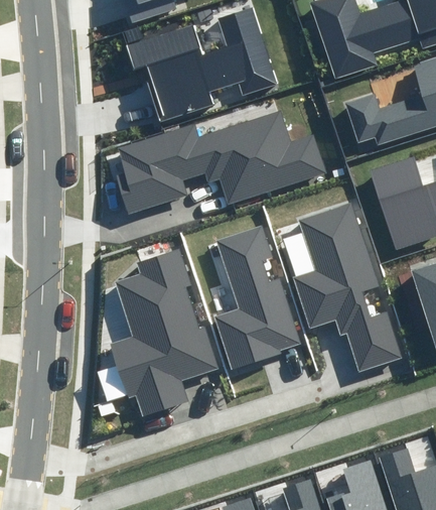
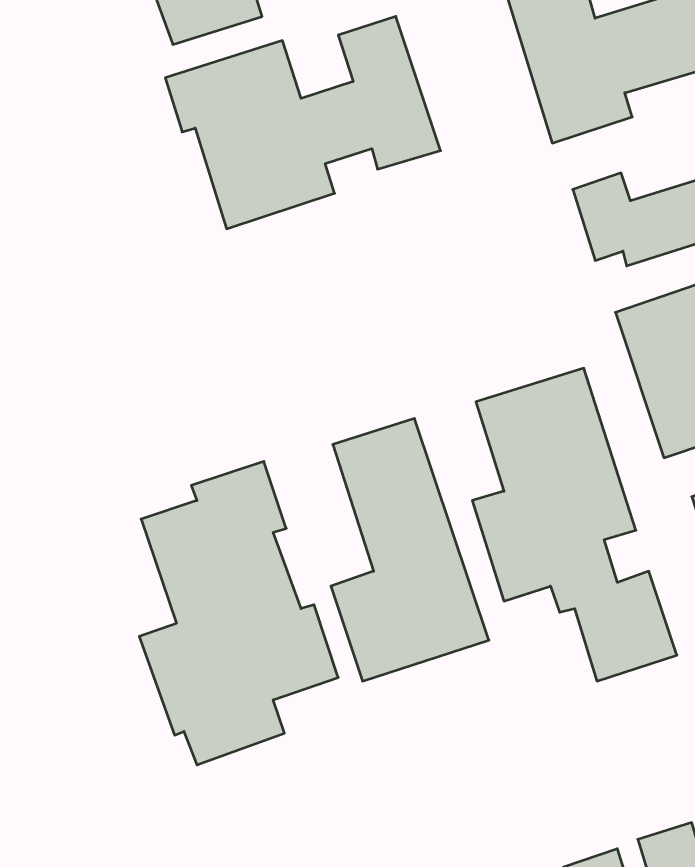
building: [114,112,324,216] -> none

